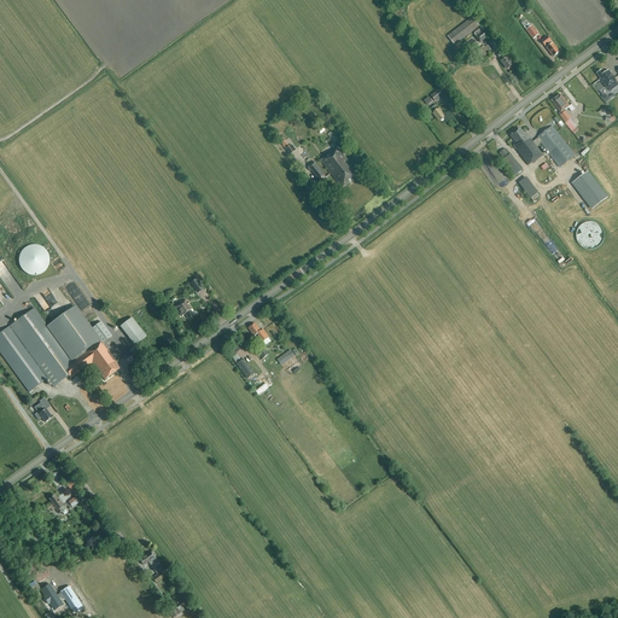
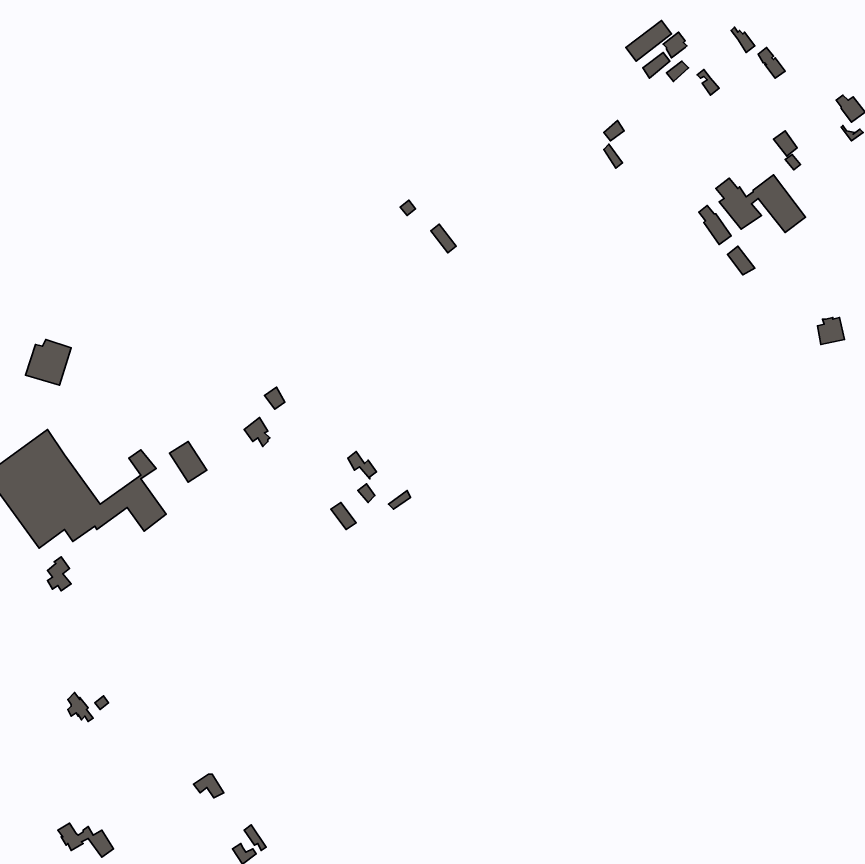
building: [320,146,357,186] -> none
building: [571,169,607,208] -> none
building: [46,303,100,358] -> none

